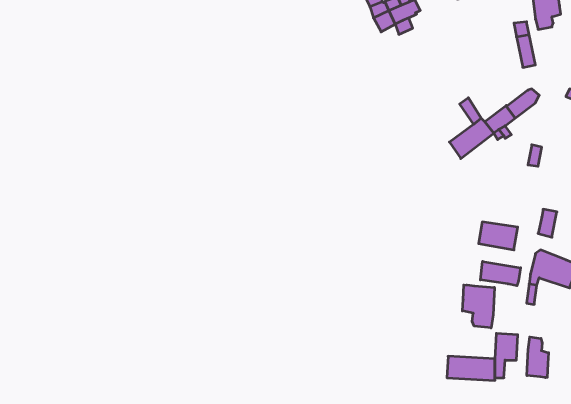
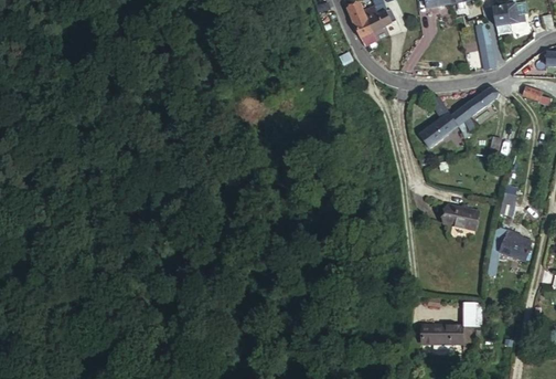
building: [480,261,521,286] -> none
building: [462,285,494,328] -> none
building: [527,337,549,378] -> none

